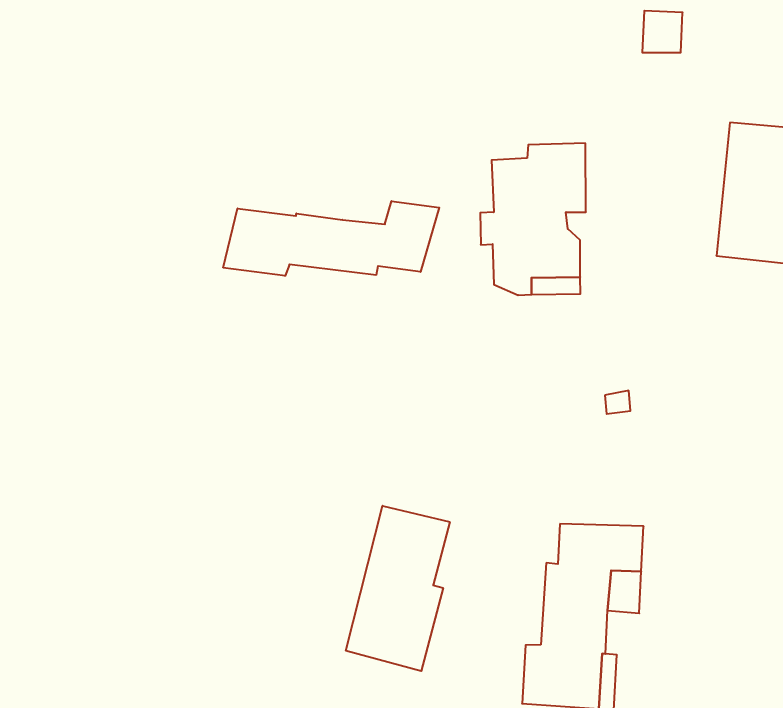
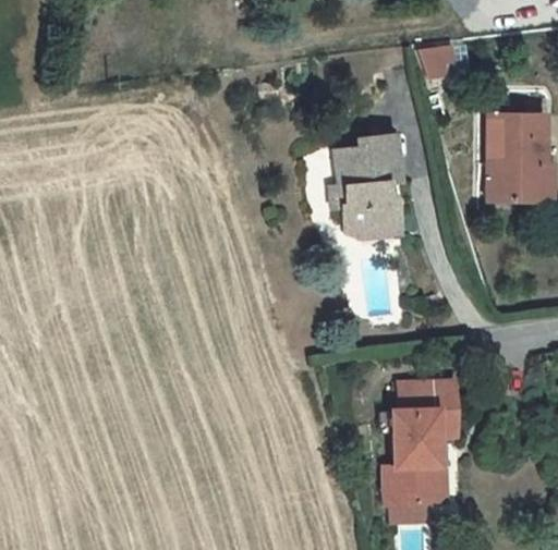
building: [223,201,439,276] -> none
building: [346,506,450,671] -> none

